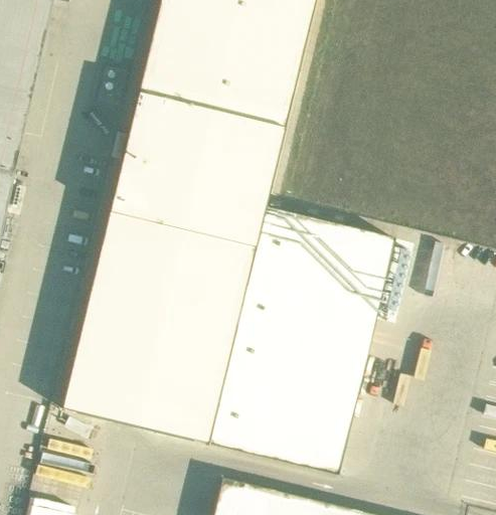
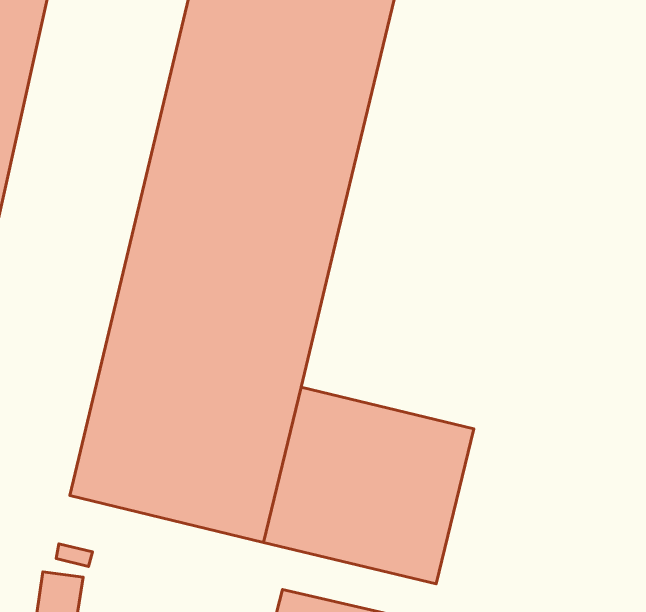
building: [235,209,393,358] -> none

